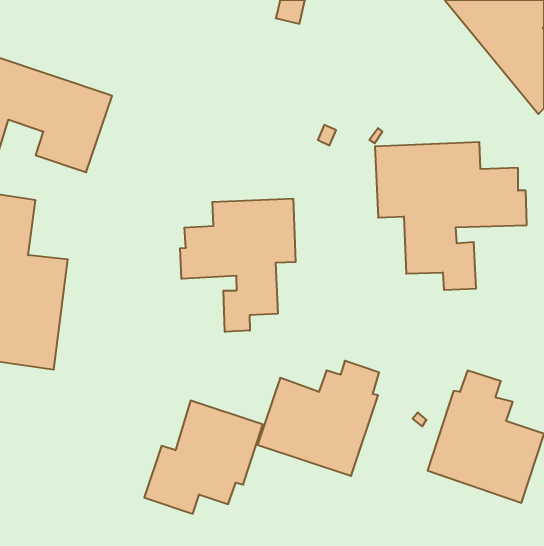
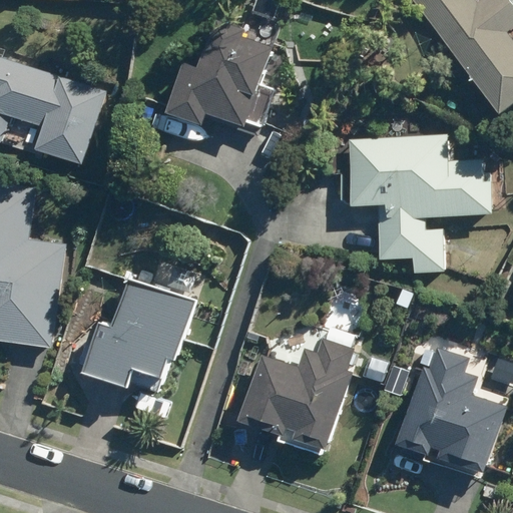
building: none -> [166,22,273,137]
building: [180,199,296,332] -> none
building: [144,401,263,514] -> [84,279,194,384]

